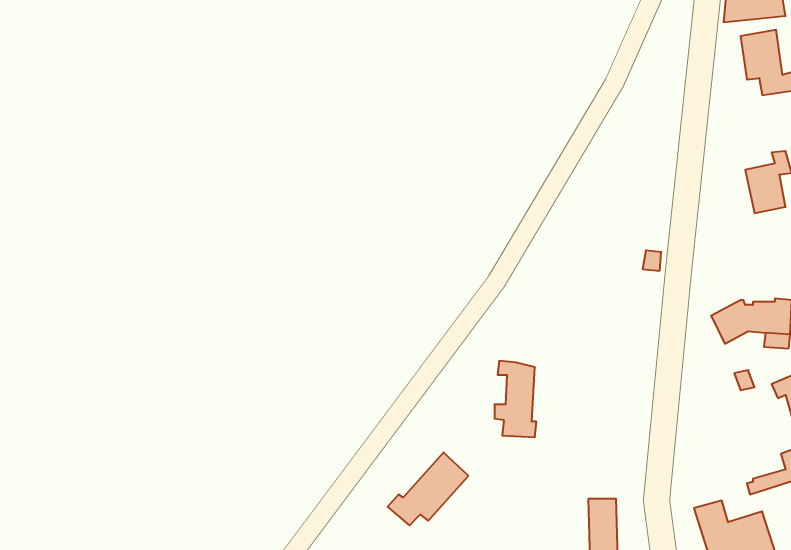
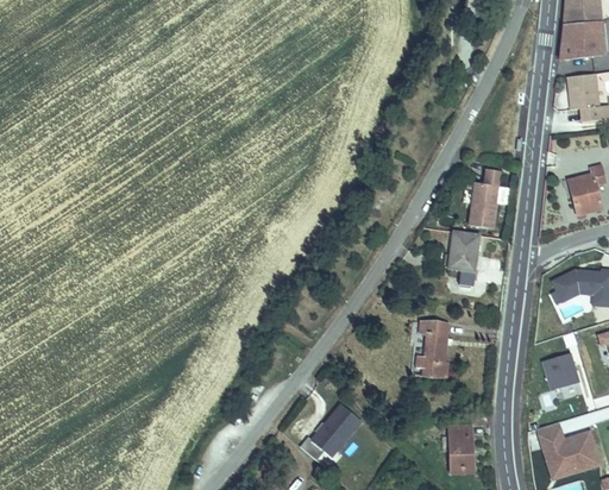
building: none -> [472,169,501,224]
building: none -> [451,230,479,269]
building: [494,361,536,437] -> [421,318,453,376]
building: none -> [536,357,576,396]

